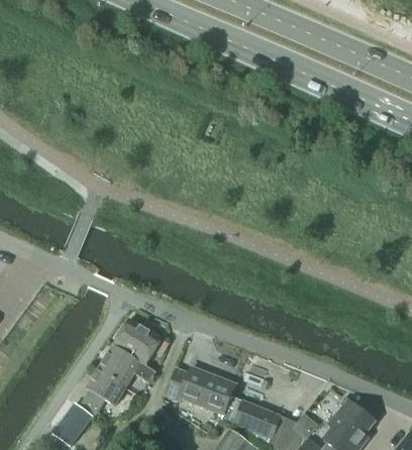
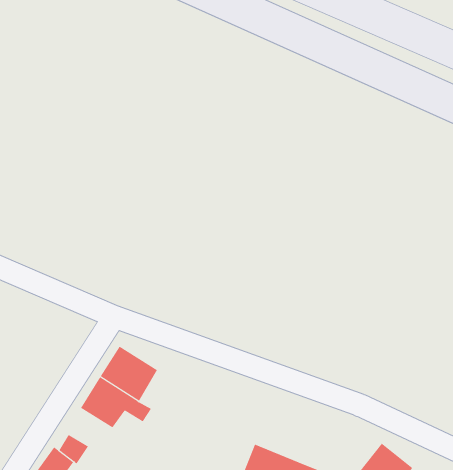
building: [166,367,235,414] -> none
building: [86,370,124,405] -> none

